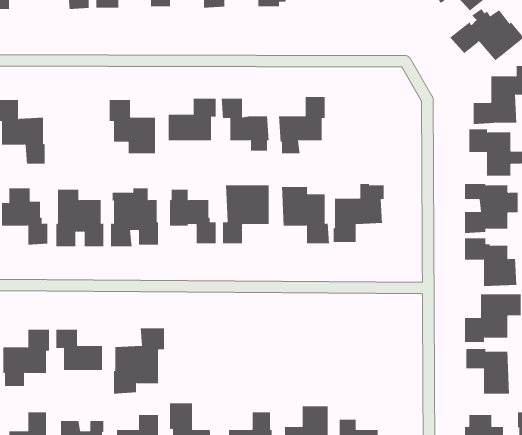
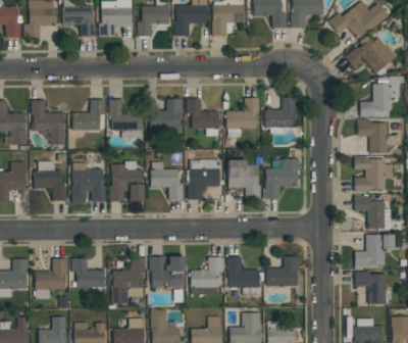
building: none -> [265,98,295,134]
building: none -> [71,99,105,131]
building: none -> [149,256,185,288]
building: none -> [266,256,299,286]
building: none -> [190,257,222,288]
building: none -> [226,257,259,295]

